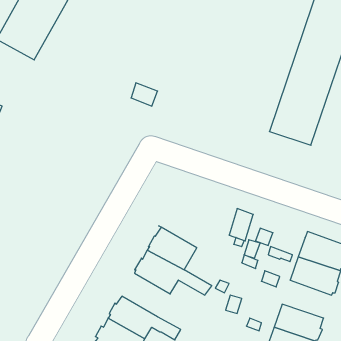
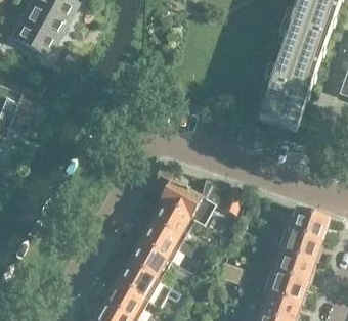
building: none -> [160,180,216,226]
building: none -> [127,243,193,283]
building: none -> [269,249,313,283]

